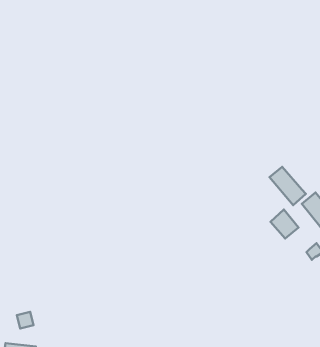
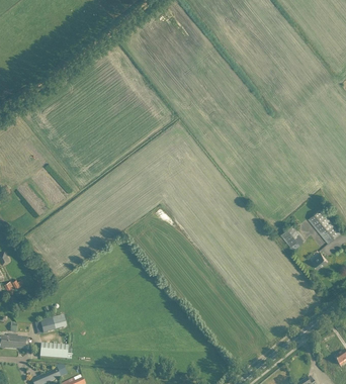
building: [270,167,306,205] -> none

